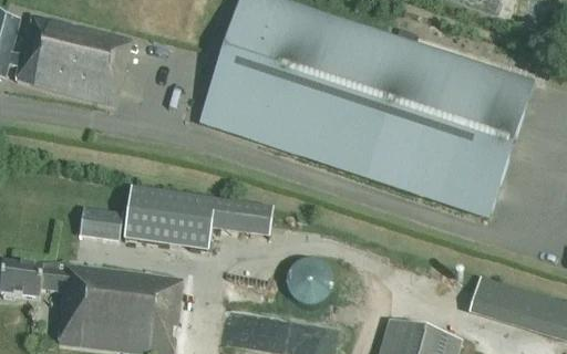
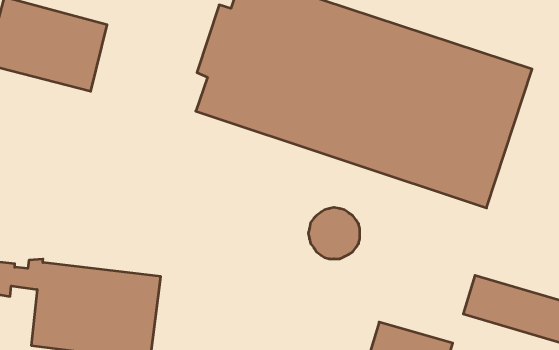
building: [123,189,272,250] -> none
building: [79,207,122,237] -> none
building: [284,258,332,306] -> [308,207,360,259]

